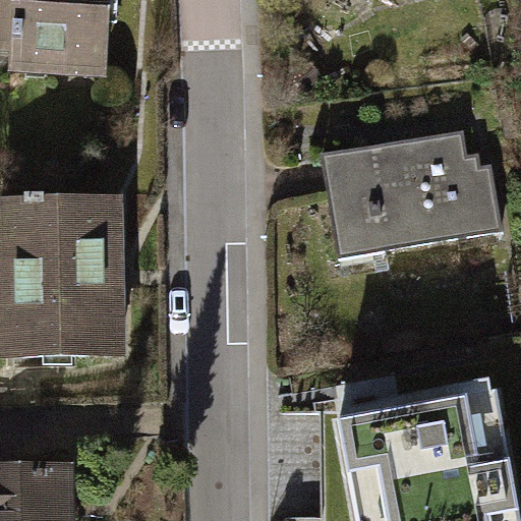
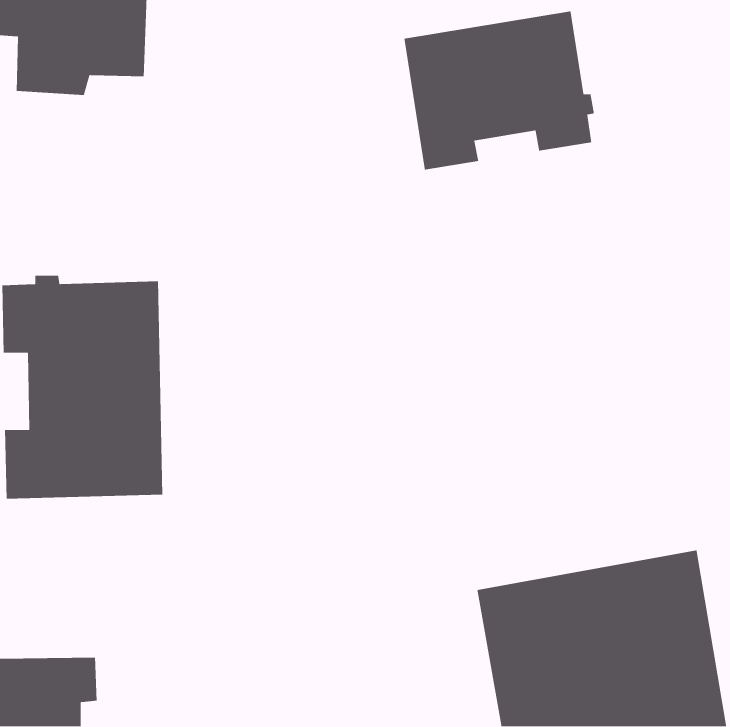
building: none -> [403,11,595,170]
building: [322,132,500,255] -> none

